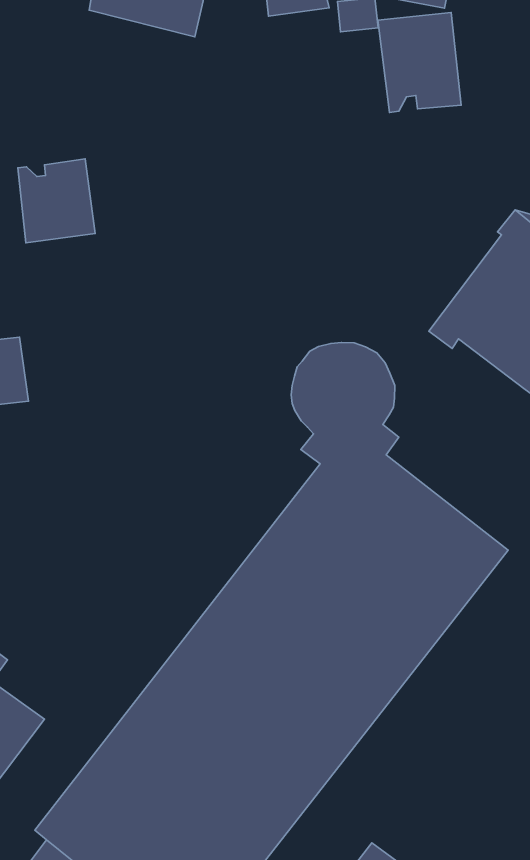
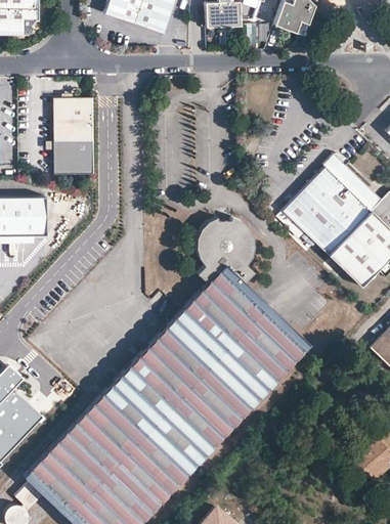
building: [378,13,461,112] -> none
building: none -> [55,141,95,175]

